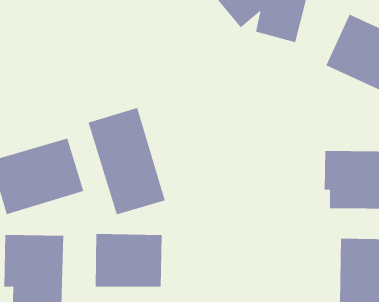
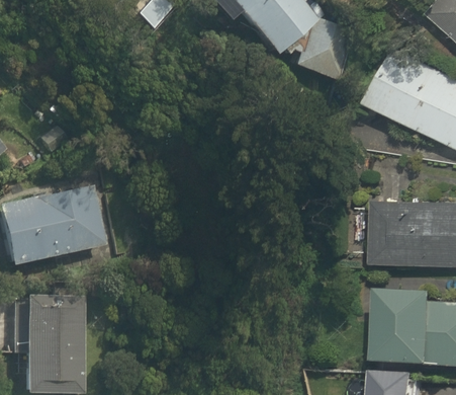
building: [88,107,165,215] -> none
building: [95,233,162,288] -> none

